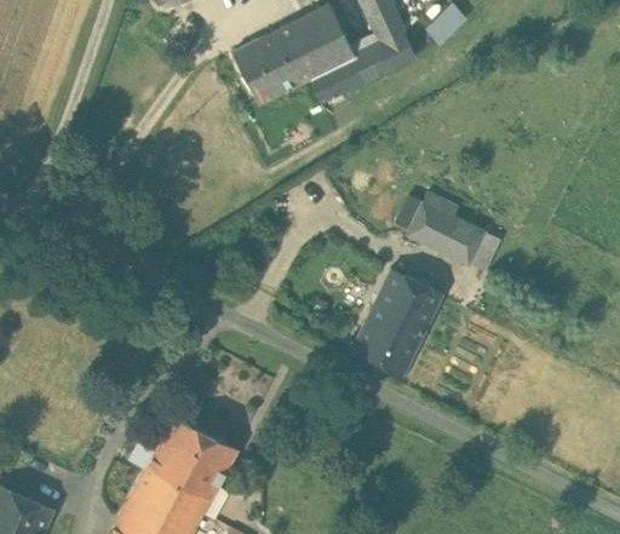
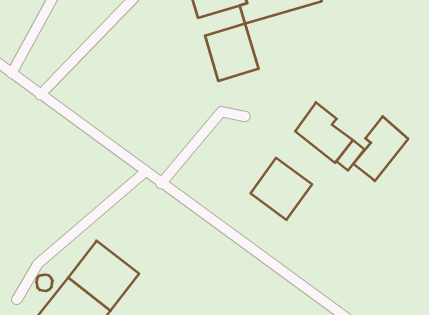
building: none -> [205,23,258,81]
building: none -> [353,116,408,181]
building: [346,320,415,378] -> none

